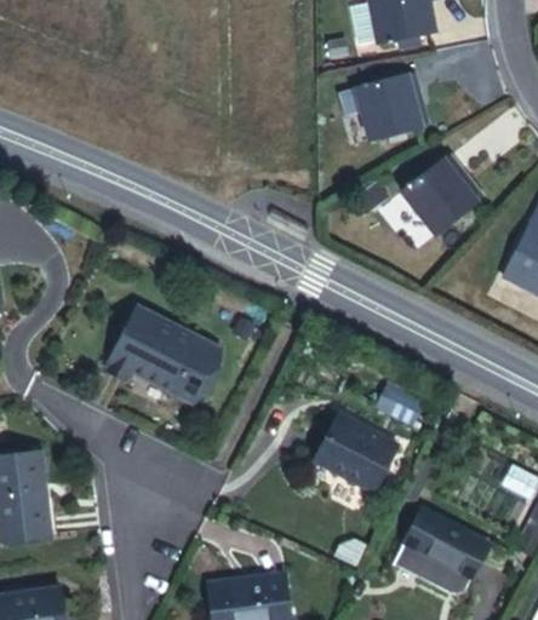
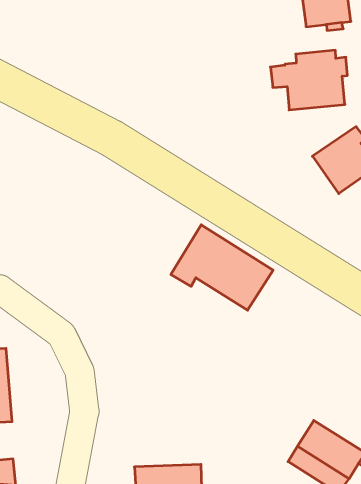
building: [107,306,229,404] -> [171,225,273,310]
building: [320,426,400,501] -> none

